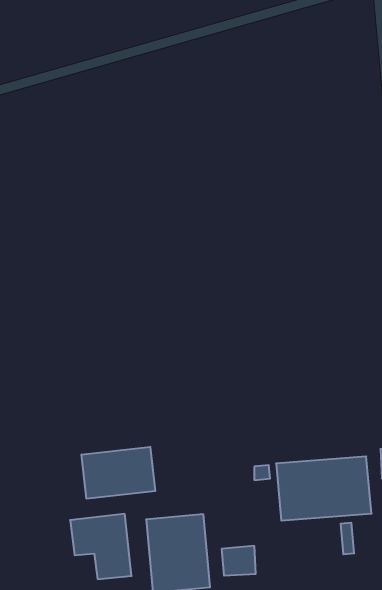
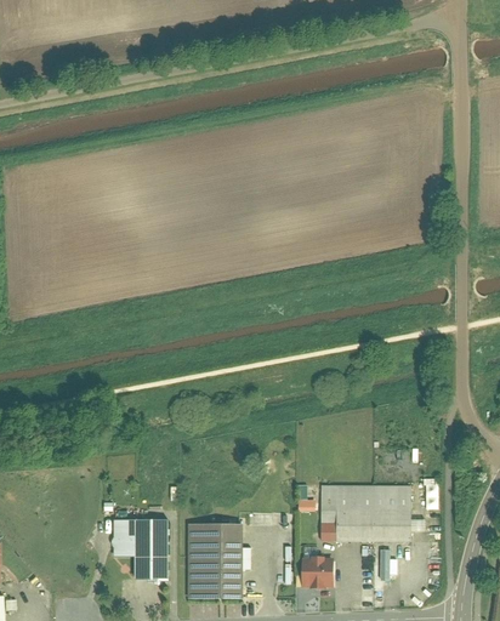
building: [82,447,155,499] -> none
building: [222,546,256,576] -> [301,557,334,585]

